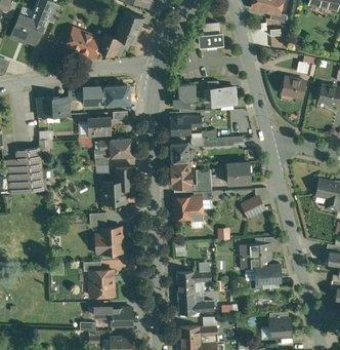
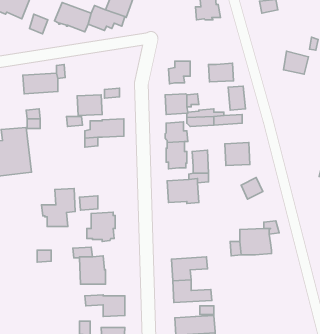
building: [82,85,129,105] -> none
building: [101,167,133,203] -> [42,189,75,227]
building: [255,264,280,282] -> none
building: [268,318,291,338] -> none

